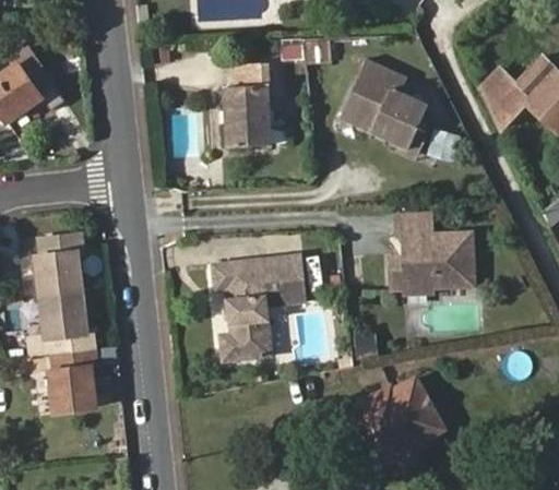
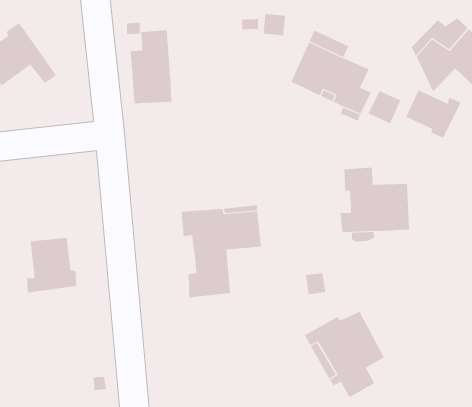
building: [223,63,271,147] -> [130,30,172,104]
building: none -> [405,90,461,138]
building: [37,234,84,297] -> none
building: [49,348,97,411] -> none

